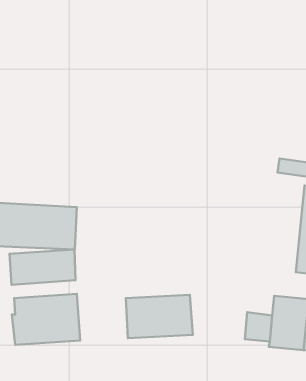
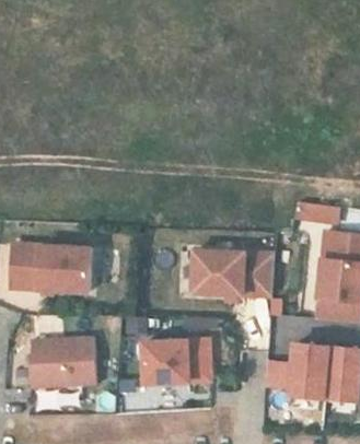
building: none -> [190,254,274,297]
building: [9,249,75,285] -> none

